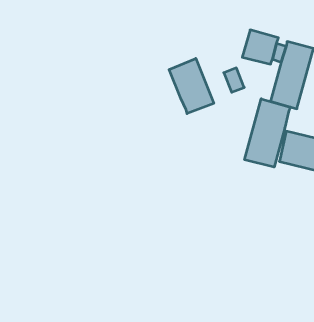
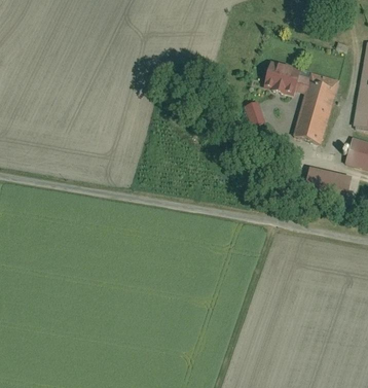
building: [169,58,214,114] -> none
building: [245,99,290,167] -> none

